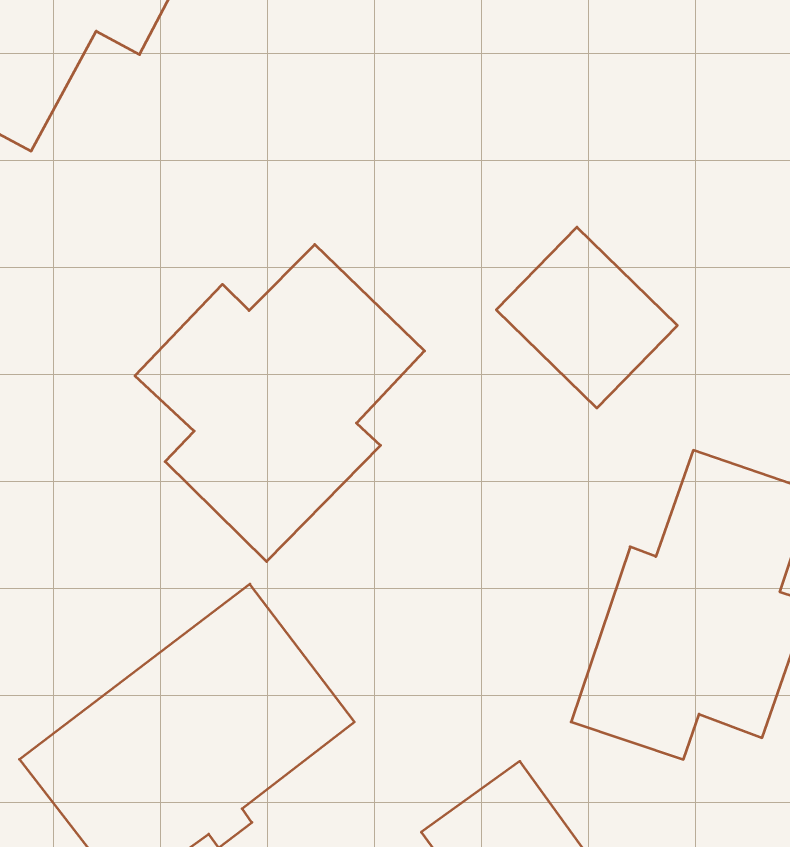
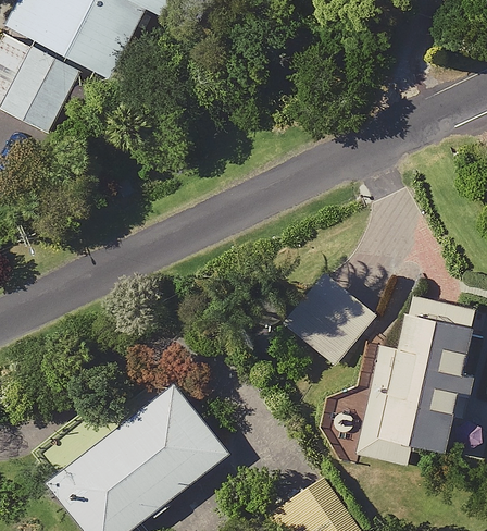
building: [496,227,677,408] -> [277,269,377,369]
building: [135,244,425,562] -> none

